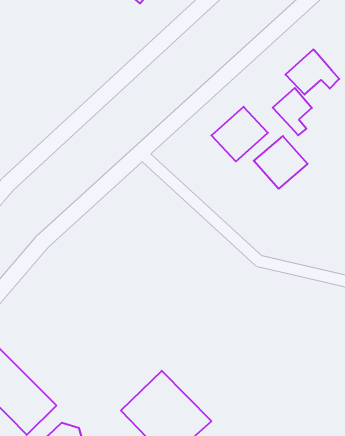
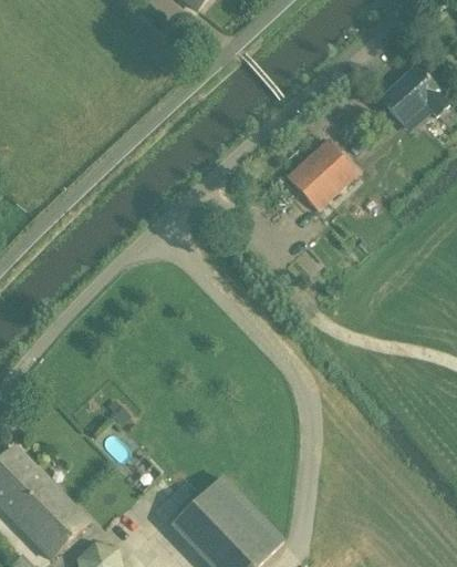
building: [273,88,312,135] -> none
building: [254,136,308,189] -> none

